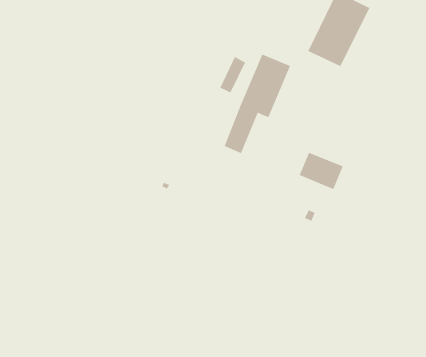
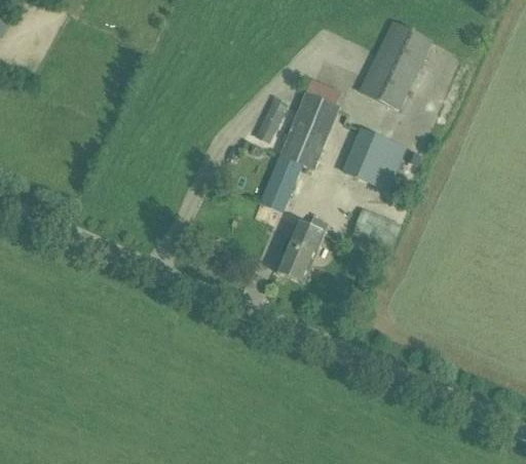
building: none -> [343,126,407,189]
building: none -> [276,220,326,282]

